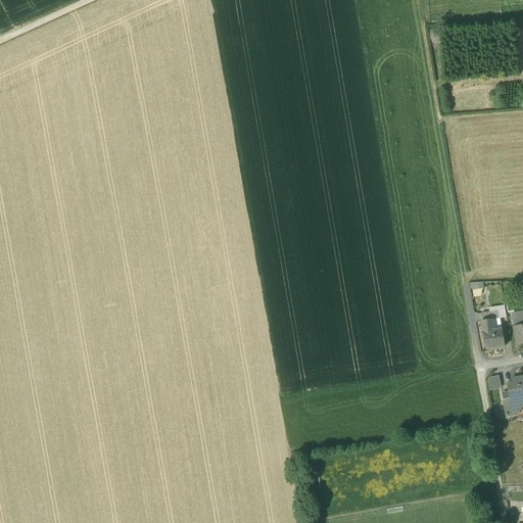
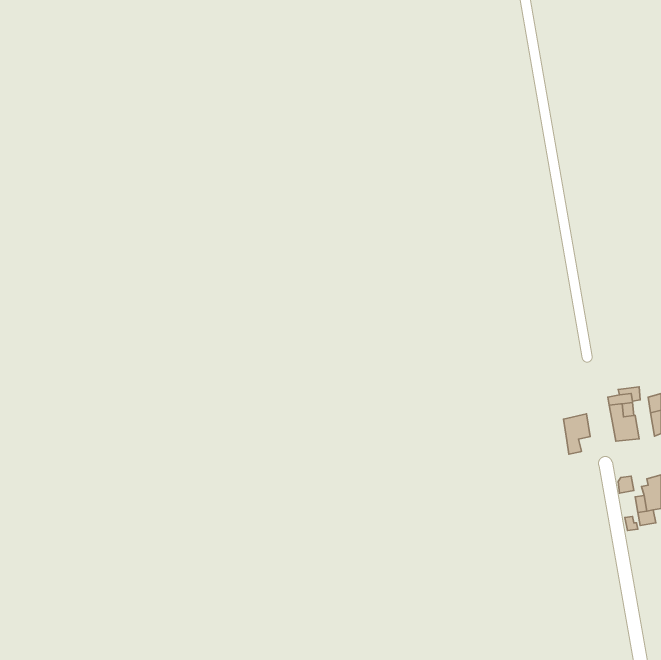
building: none -> [563,414,590,454]

